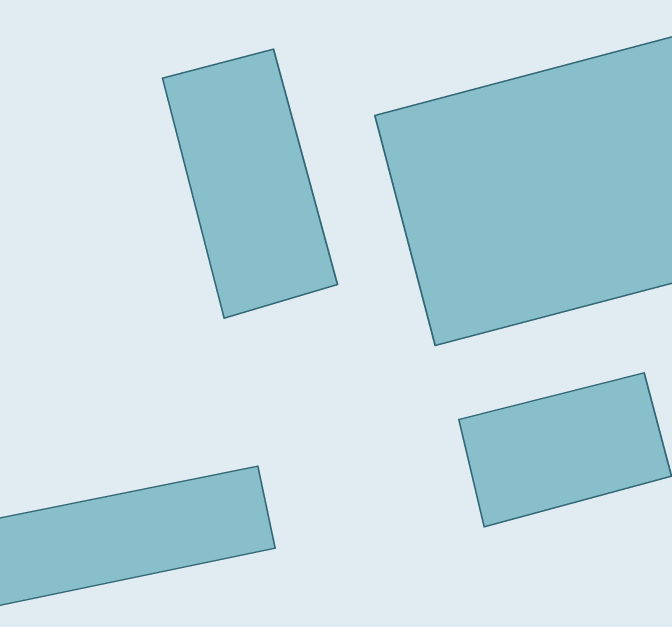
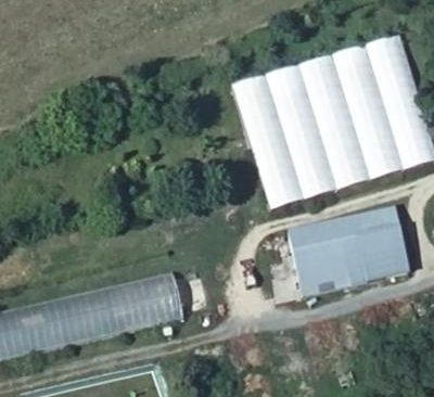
building: [163,49,338,318] -> none

